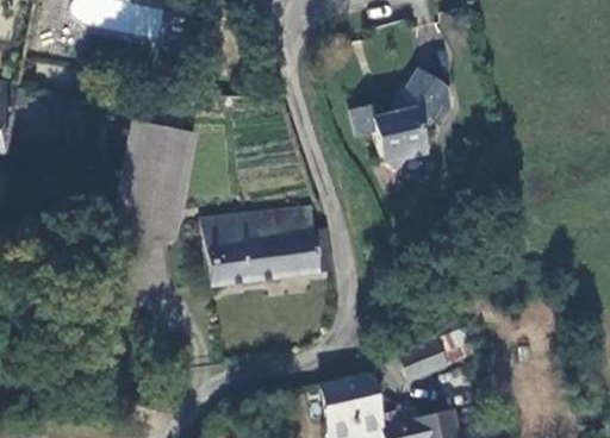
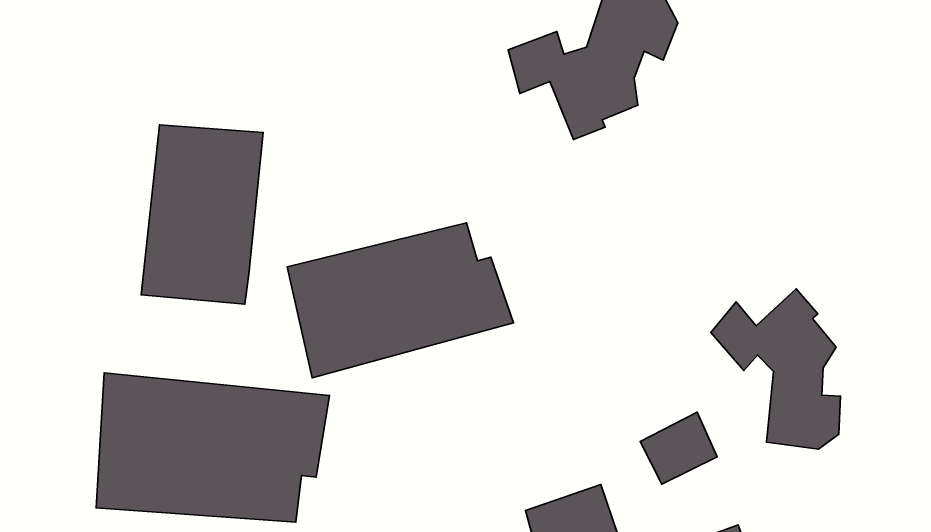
building: none -> [96,373,329,522]
building: none -> [711,289,840,449]

